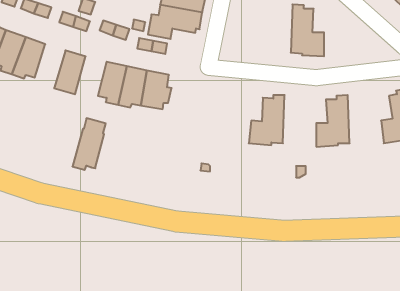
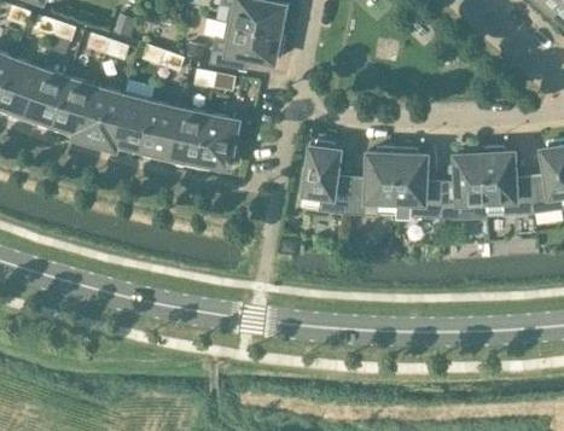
building: [291,4,324,56] -> [395,148,441,220]
building: none -> [53,78,95,139]
building: none -> [298,142,351,215]
building: none -> [484,147,534,216]
building: [72,118,106,170] -> [109,81,155,152]

